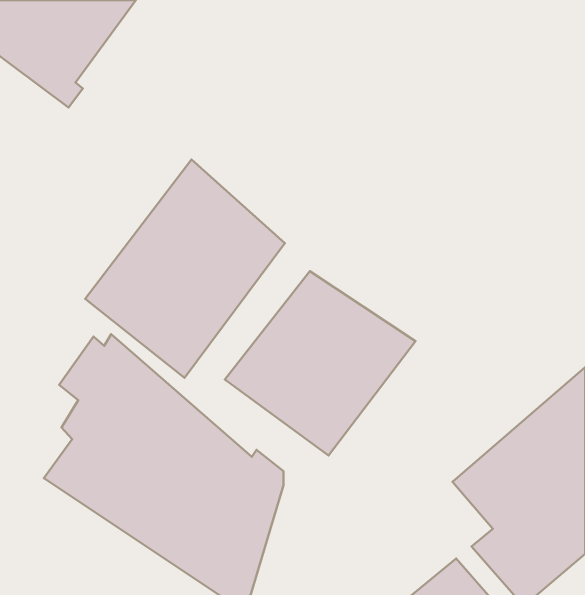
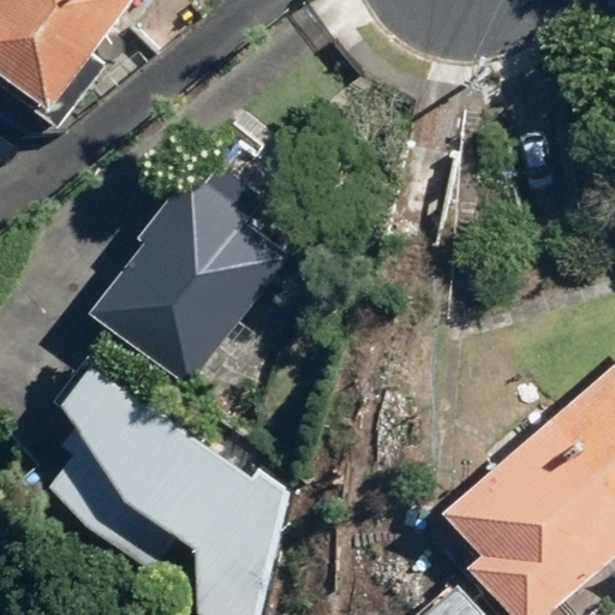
building: [225,271,416,456] -> none

